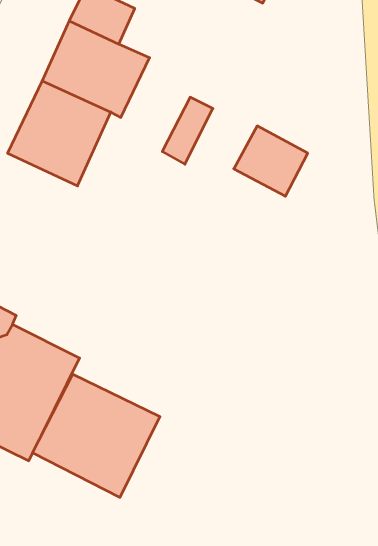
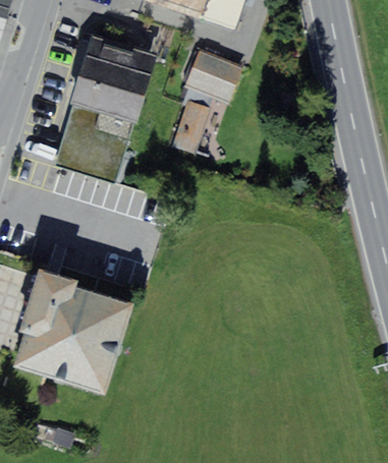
building: [234,126,308,196] -> [183,50,237,100]
building: [33,374,160,497] -> none

